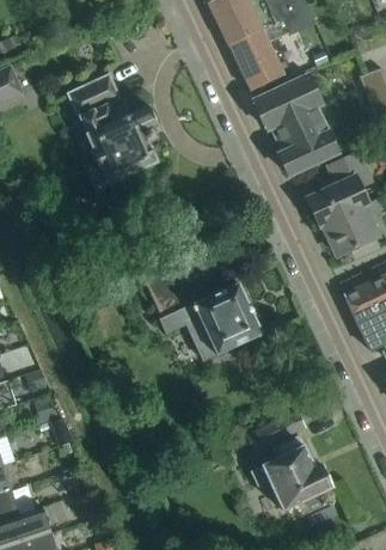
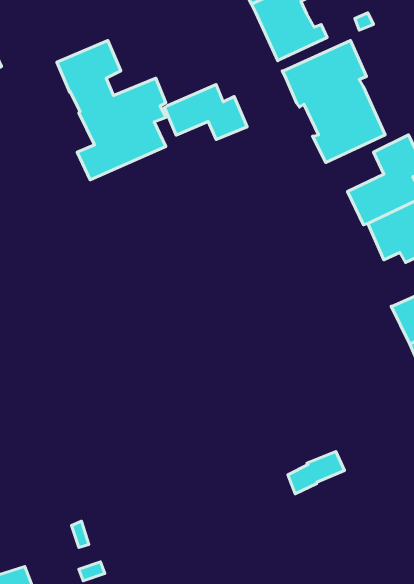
building: none -> [164,85,247,140]
building: [143,261,262,359] -> none
building: [250,434,333,508] -> none

